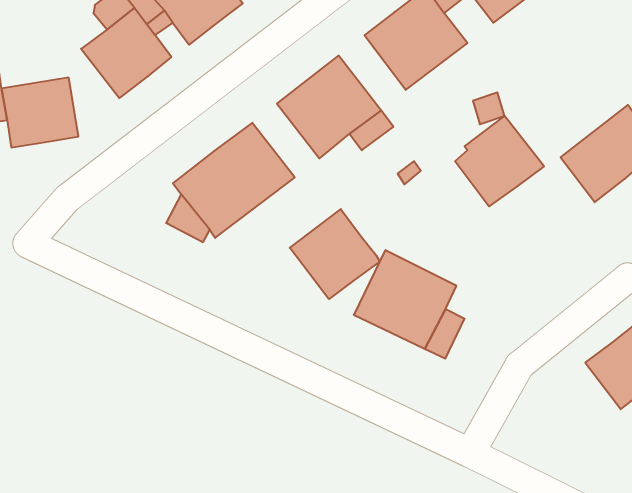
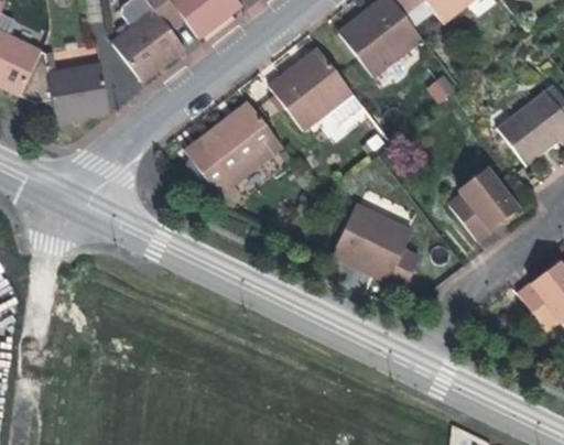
building: [455,116,544,206] -> [449,167,521,240]
building: [290,209,380,299] -> none

